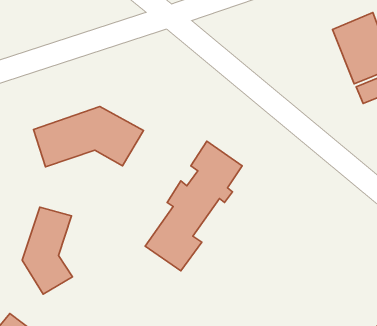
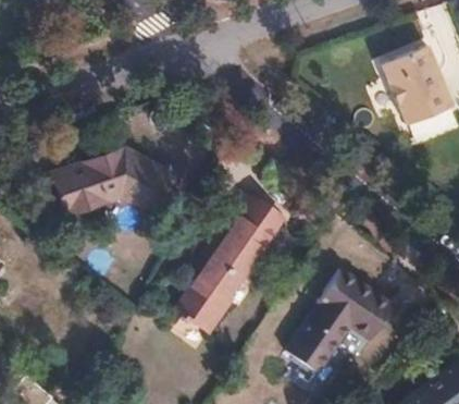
building: [22,207,72,294] -> none
building: none -> [289,269,394,372]

